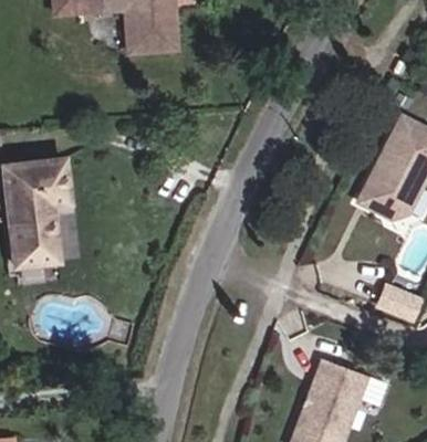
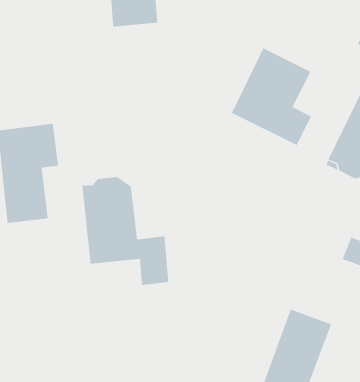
building: none -> [231,48,312,146]
building: none -> [82,176,169,286]

